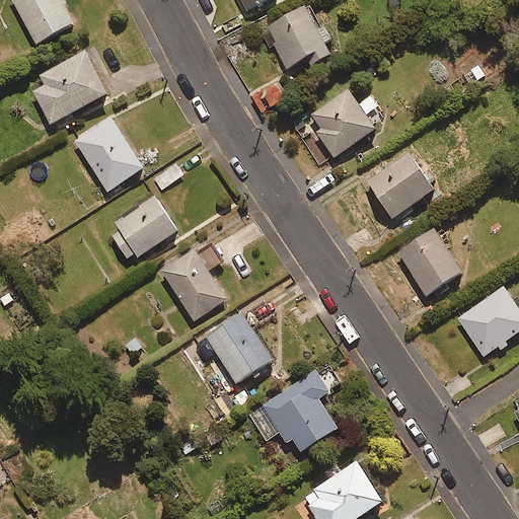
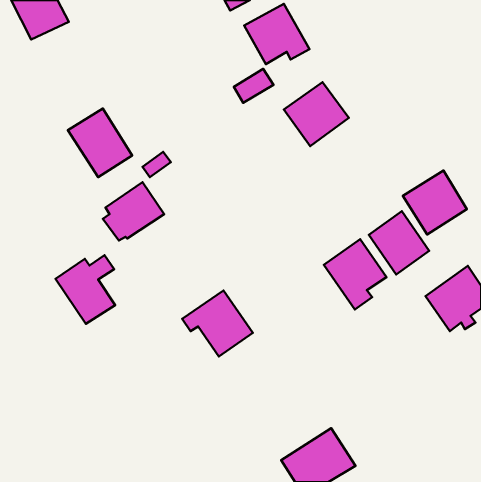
building: [32,46,106,123] -> none
building: [365,149,434,218] -> [403,170,467,235]
building: [161,245,225,319] -> [56,255,115,324]
building: none -> [324,239,387,310]
building: [250,369,339,452] -> none

